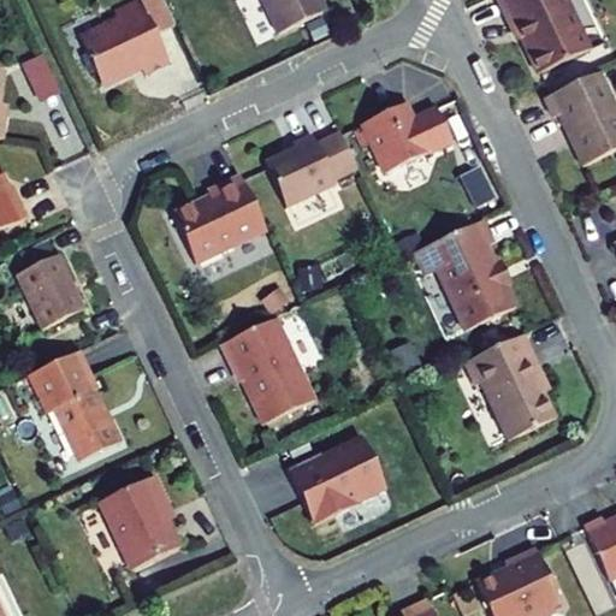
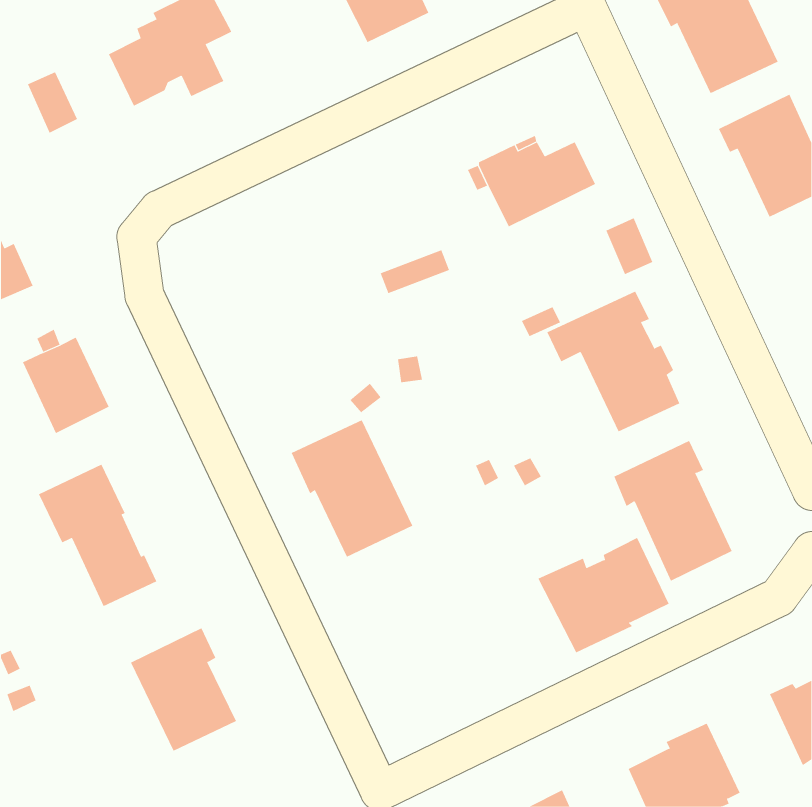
building: [265,132,356,206] -> none
building: [172,174,266,262] -> none
building: [286,437,386,525] -> [538,537,669,653]

